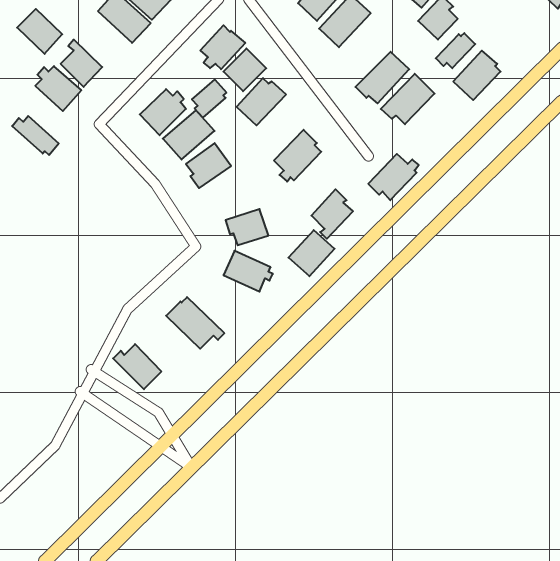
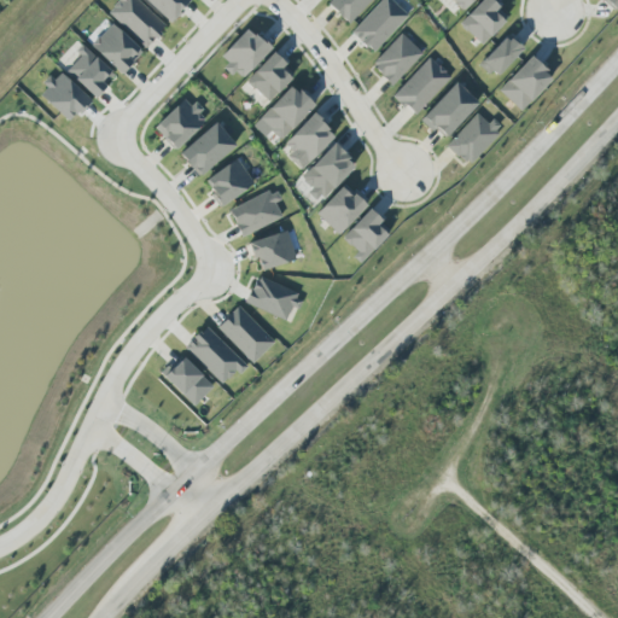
building: [17,9,62,54] -> [93,23,142,72]
building: none -> [374,33,424,84]
building: [192,80,226,118] -> none
building: none -> [287,113,334,162]
building: [12,116,59,155] -> none
building: [368,154,419,200] -> [447,112,502,163]
building: none -> [231,190,282,237]
building: [288,230,335,276] -> [317,183,368,234]
building: none -> [217,304,275,363]
building: [113,344,161,389] -> [161,356,214,406]

